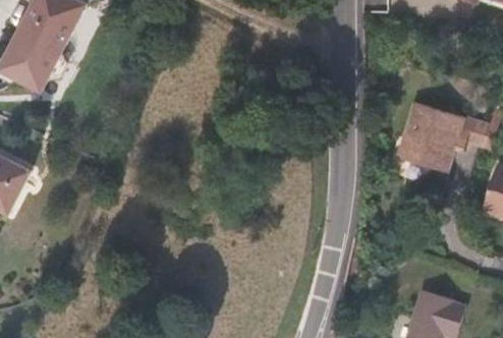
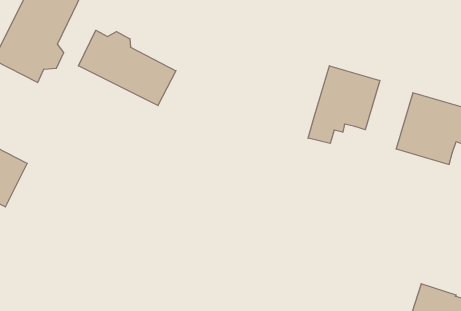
building: none -> [78,30,176,106]
building: none -> [308,66,380,143]

